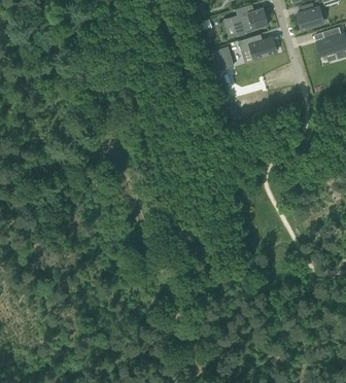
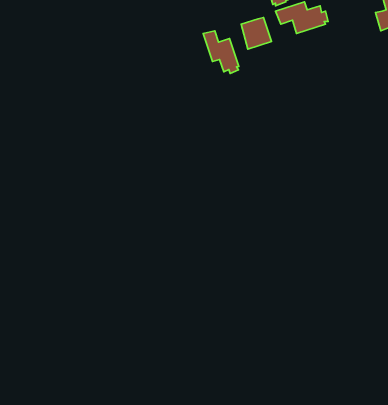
building: none -> [203,31,239,73]

